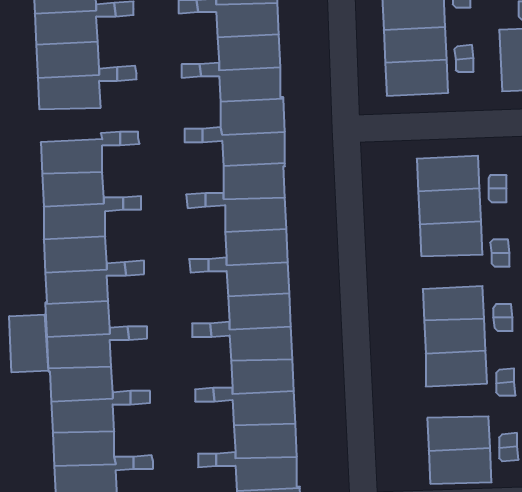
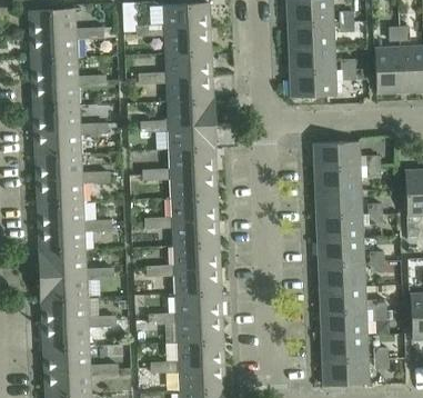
building: none -> [33,106,80,131]
building: none -> [316,215,362,240]
building: [9,315,48,372] -> none
building: none -> [320,310,366,336]

